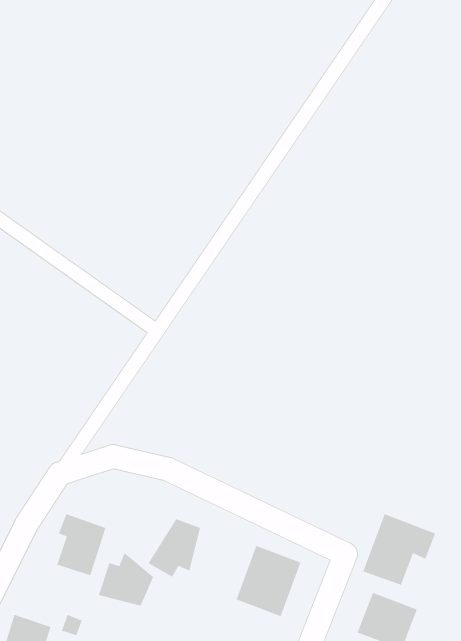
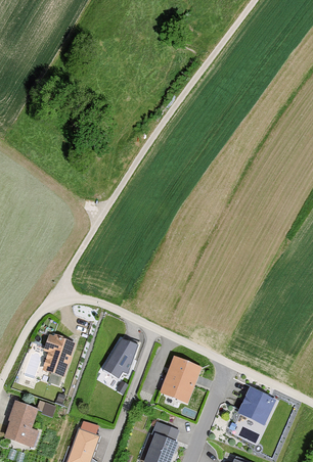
building: [362,513,436,586] -> none
building: [98,552,154,606] -> none

